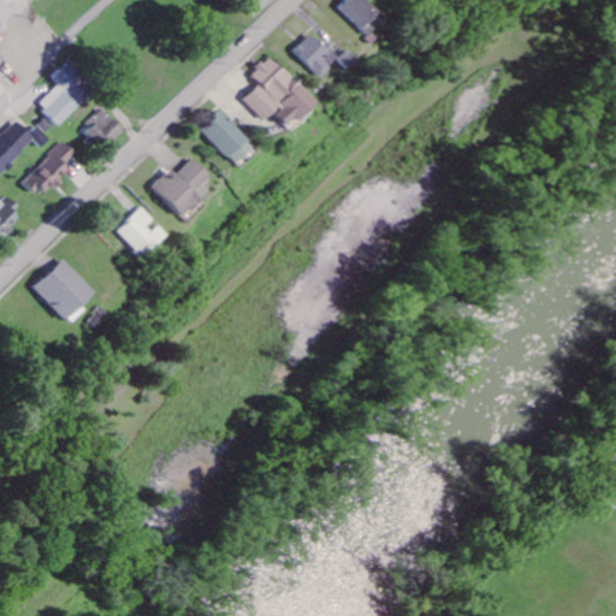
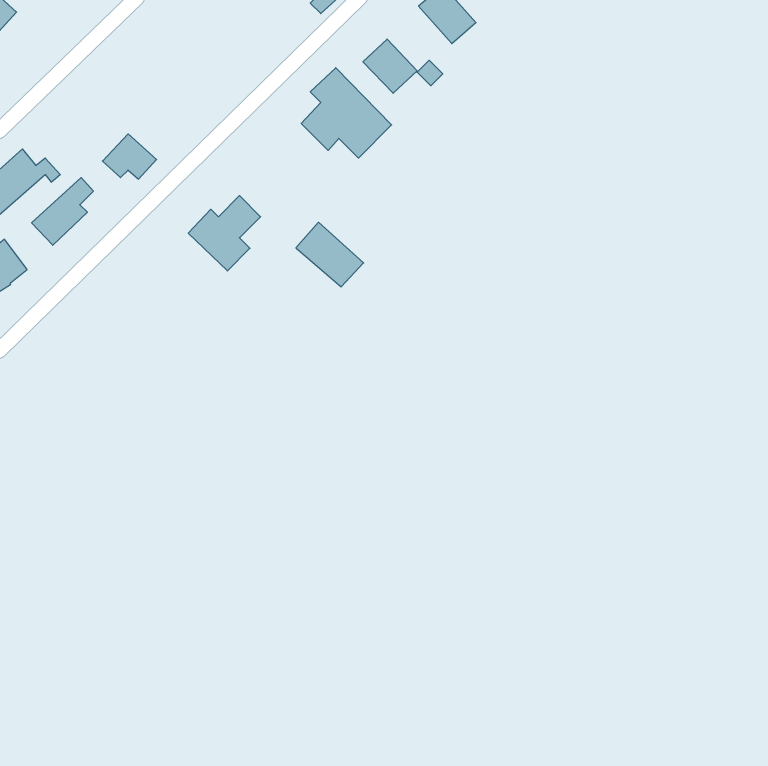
building: [38,61,94,124] -> none
building: [199,111,253,162] -> [296,222,364,287]
building: [116,207,165,256] -> none
building: [34,259,94,324] -> none

